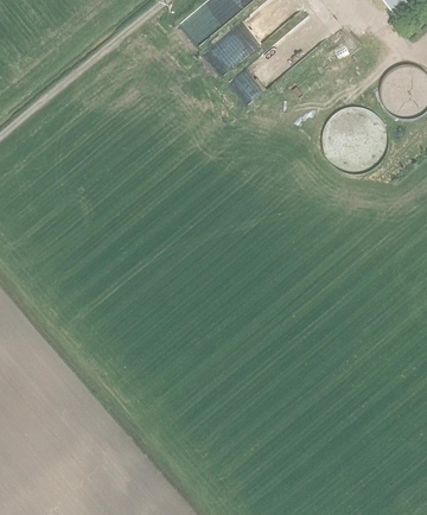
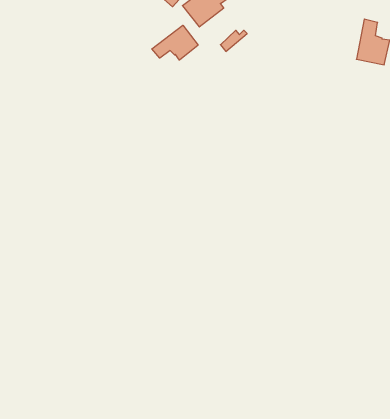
building: none -> [152,25,198,60]

